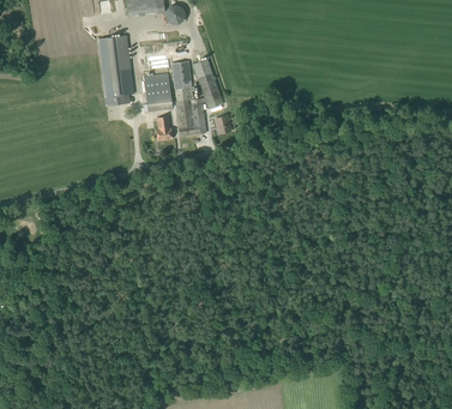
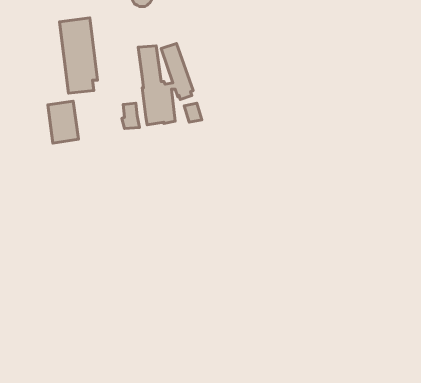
building: [144,72,173,112] -> [48,101,78,143]

